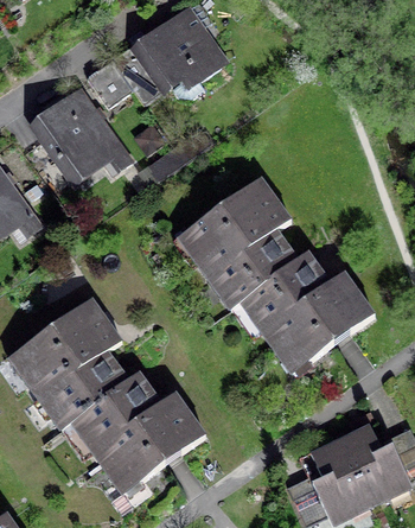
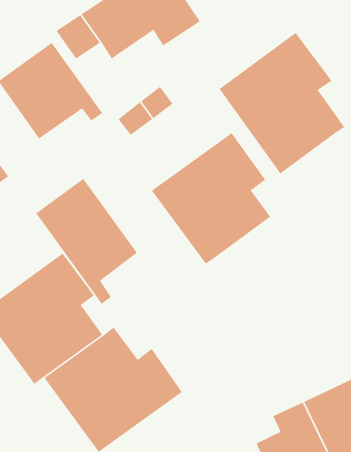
building: none -> [218,32,345,174]
building: none -> [35,178,138,305]
building: [240,254,370,376] -> none

